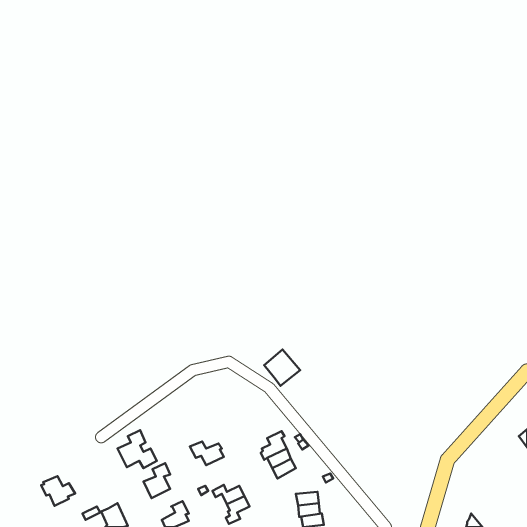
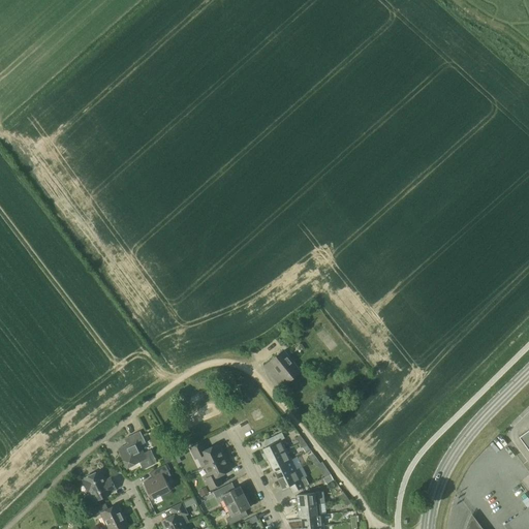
building: none -> [206,458,231,490]
building: none -> [278,469,309,493]
building: [41,476,75,506] -> [83,471,117,501]

